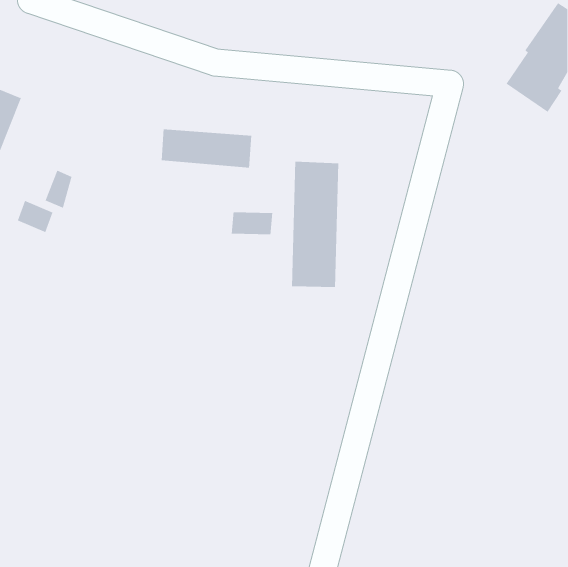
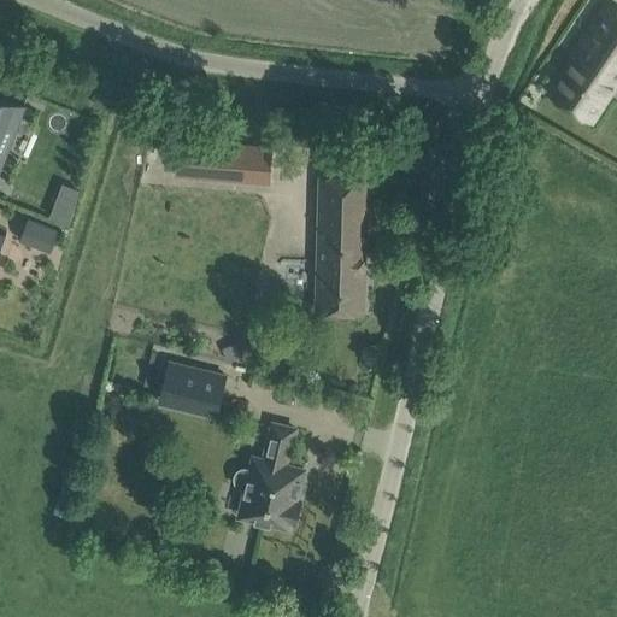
building: [231,211,273,235] -> none
building: none -> [159,365,224,412]
building: none -> [233,427,302,530]

